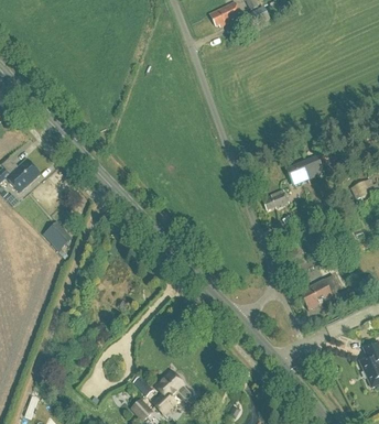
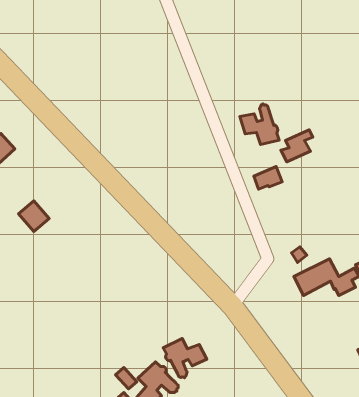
building: none -> [240,104,279,145]
building: none -> [163,338,207,378]

